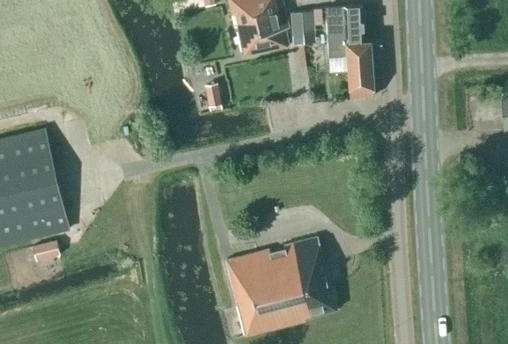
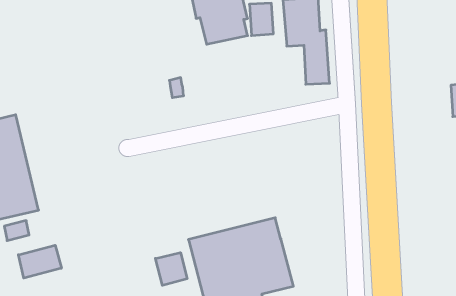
building: none -> [18,245,61,278]
building: none -> [155,253,187,285]

